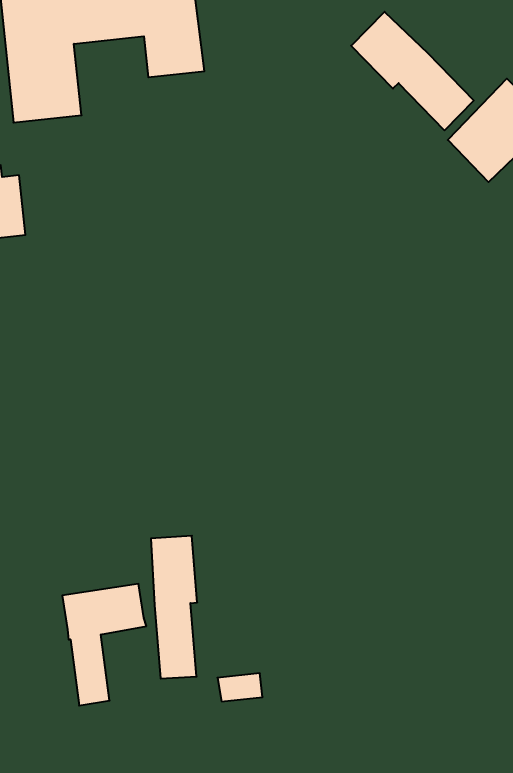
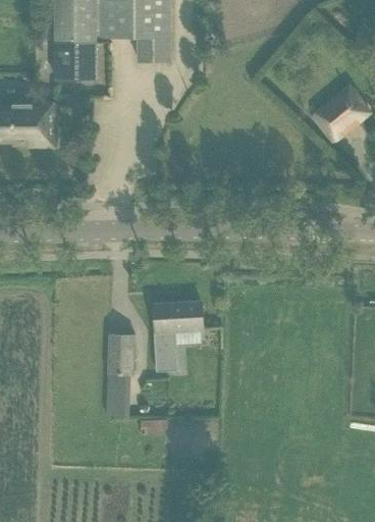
building: [351,12,474,130] -> none
building: [62,584,146,706] -> [154,302,202,370]

